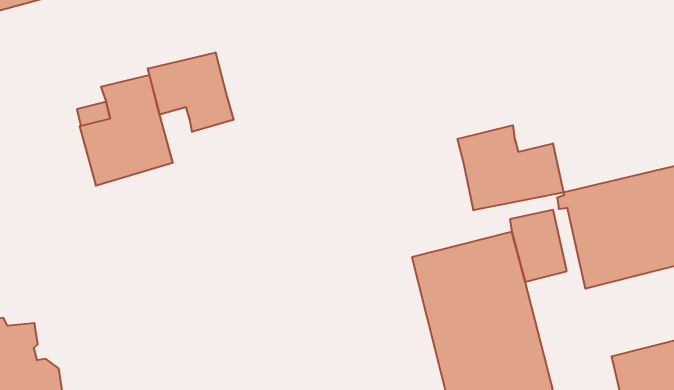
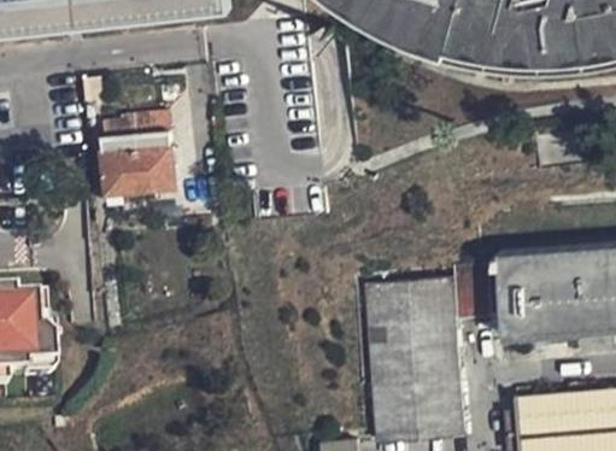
building: [148,52,234,132] -> none
building: [458,125,563,210] -> none

